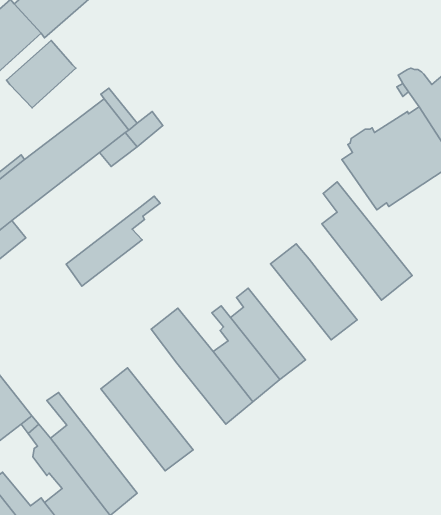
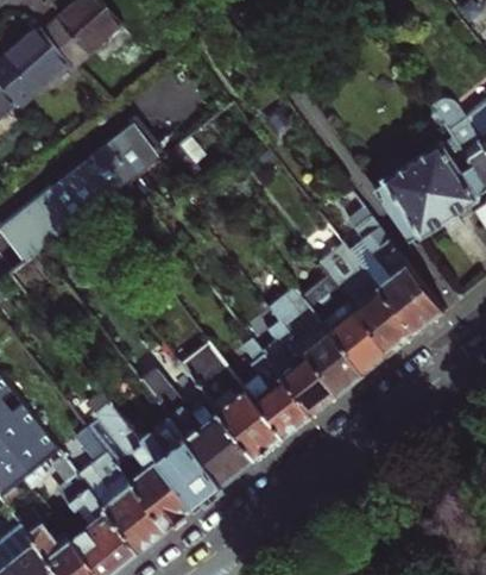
building: [7,40,76,108] -> none
building: [66,196,160,286] -> none
building: none -> [318,245,415,355]
building: none -> [269,289,364,395]
building: none -> [139,370,257,487]
building: none -> [87,393,195,531]

